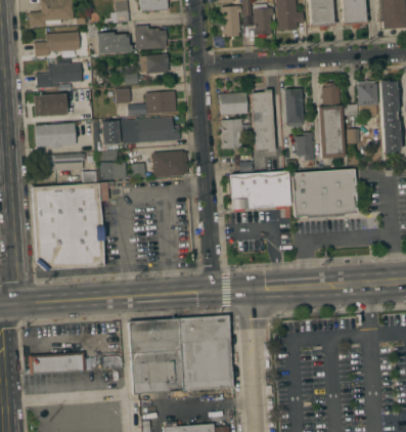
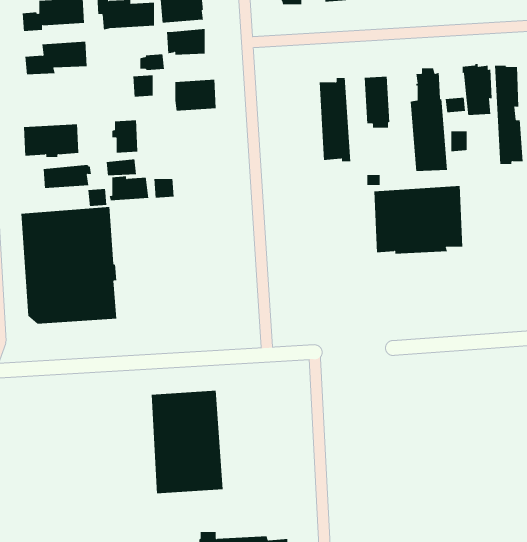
building: [220,92,249,115] -> none
building: [34,93,66,116] -> none
building: [122,117,181,143] -> none
building: [222,118,244,148] -> none
building: [296,132,315,160] -> none
building: [152,150,189,177] -> none
building: [229,171,291,217] -> none
building: [177,314,232,390] -> none
building: [26,351,86,374] -> none

